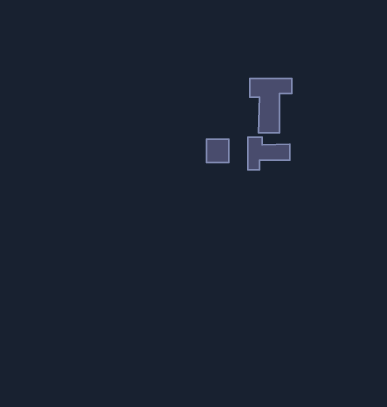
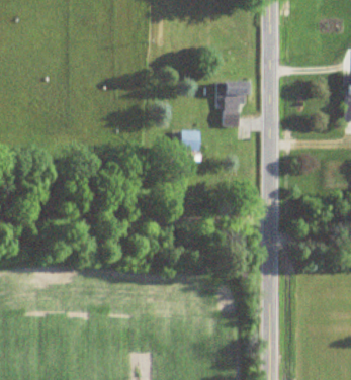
building: [248,137,290,170] -> none

